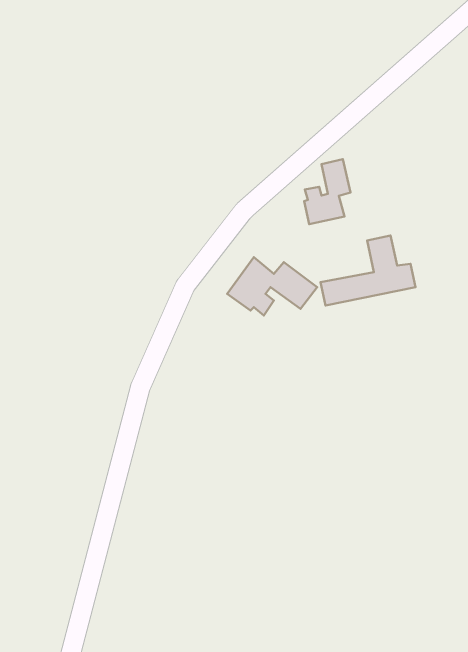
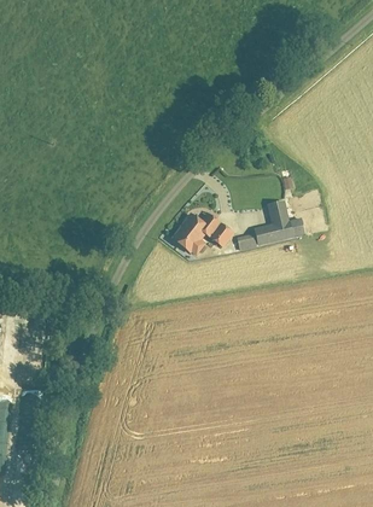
building: [304,159,351,224] -> none

